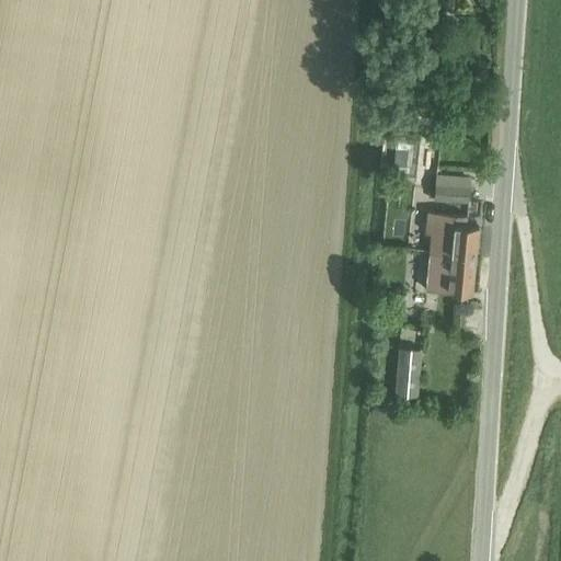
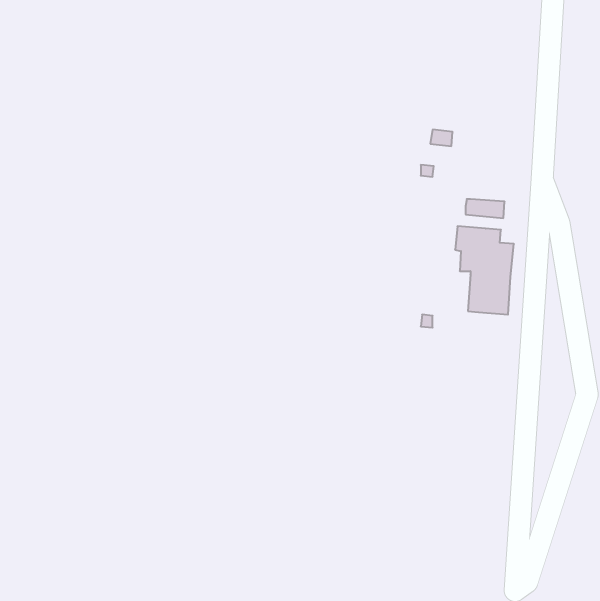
building: [394,346,420,394] -> none

